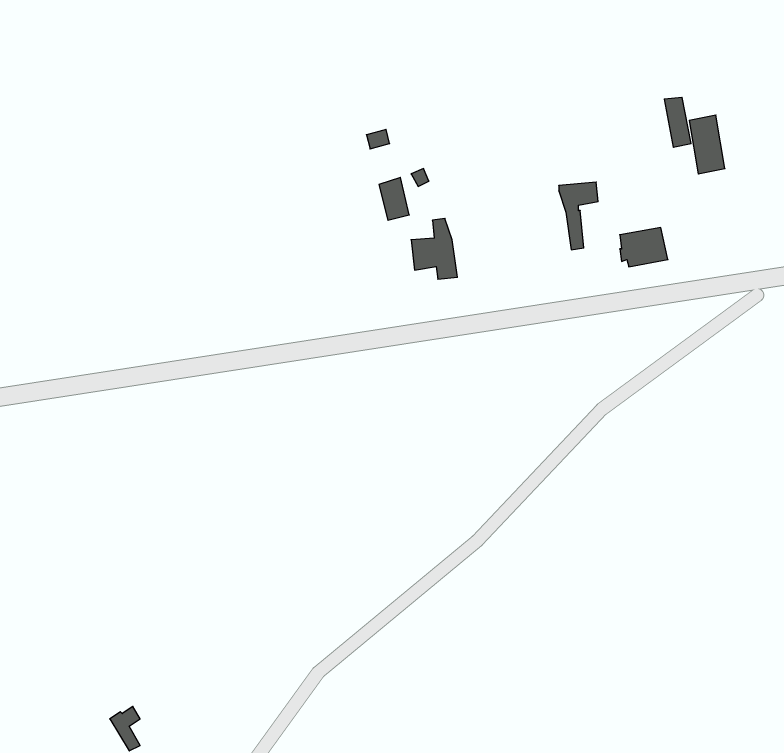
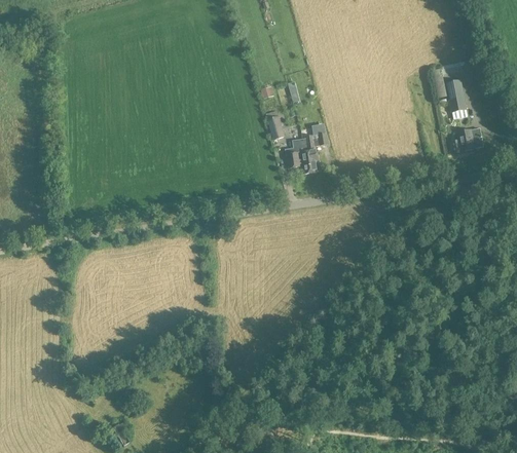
building: [559,182,598,250] -> [304,133,327,172]
building: [620,228,668,267] -> [455,127,483,150]

